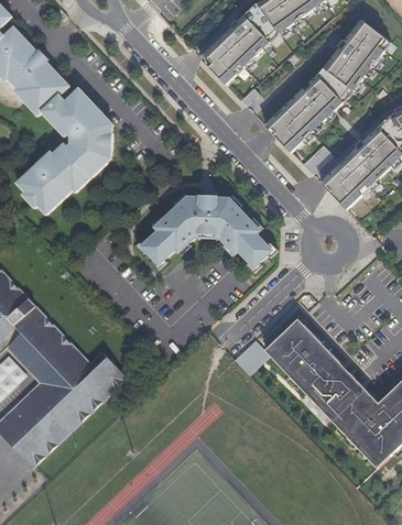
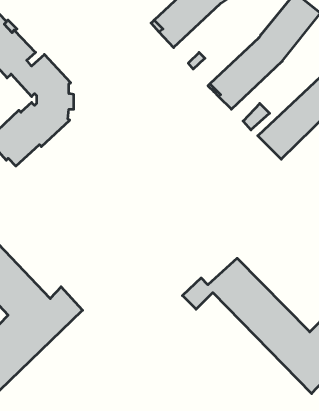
building: [143,197,273,267] -> none

